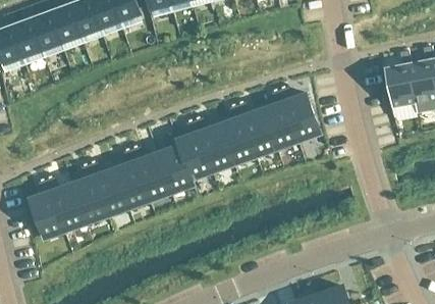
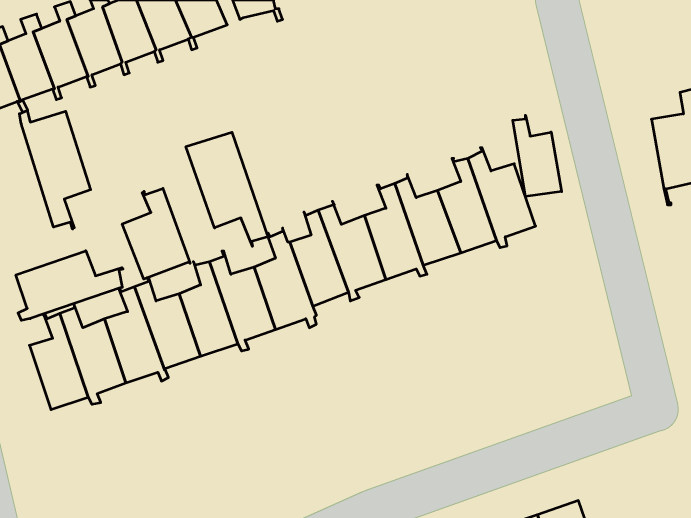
building: none -> [19,110,91,229]
building: none -> [513,115,562,197]
building: none -> [186,132,268,246]
building: none -> [122,188,190,279]
building: none -> [16,251,123,320]

